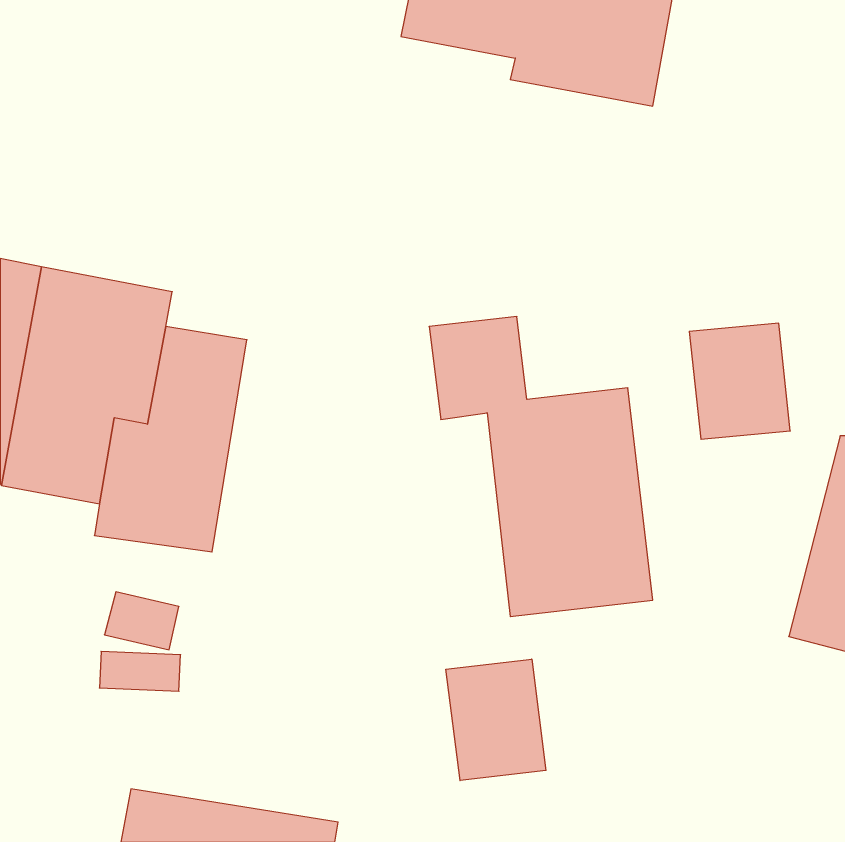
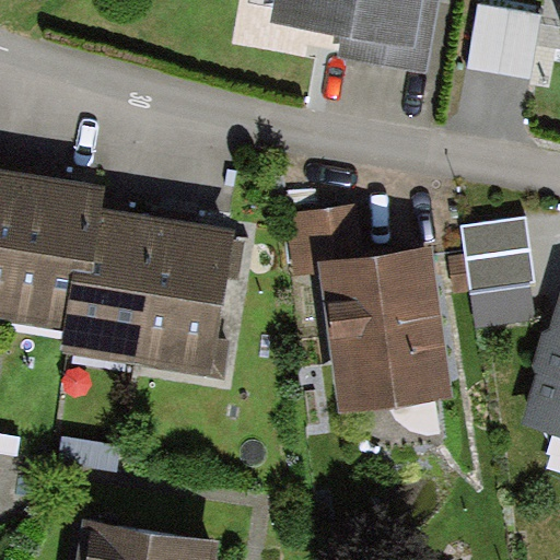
building: none -> [474,4,545,80]
building: none -> [141,224,248,381]
building: [446,659,546,781] -> none

